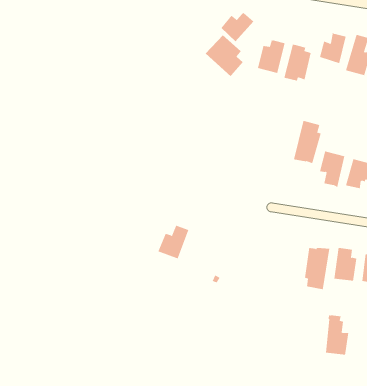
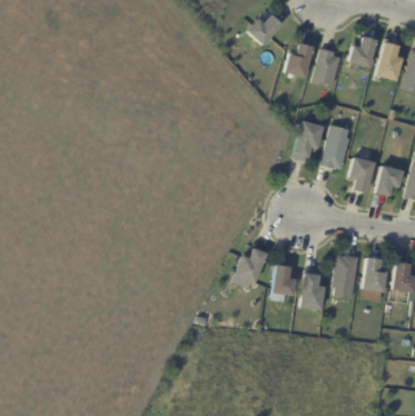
building: [205,34,243,77] -> none
building: none -> [293,121,324,161]
building: [158,224,189,259] -> [235,247,267,283]
building: none -> [271,265,296,301]
building: [325,315,349,355] -> [300,269,325,310]

